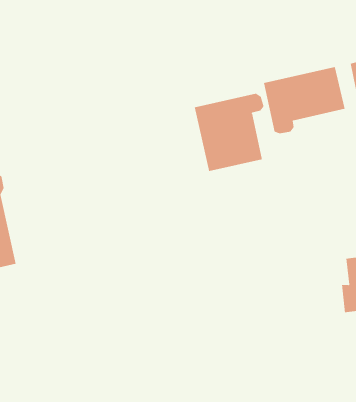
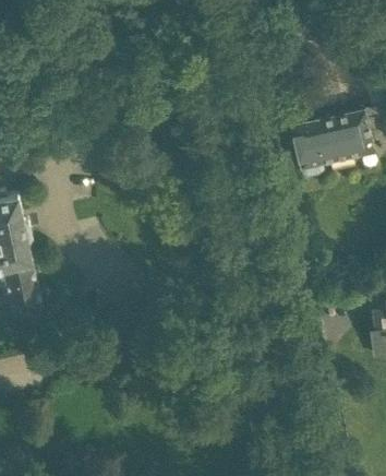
building: [194,93,264,172] -> none

